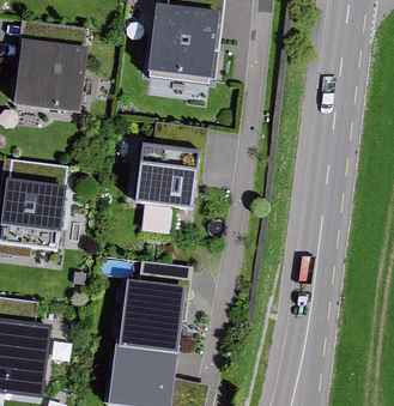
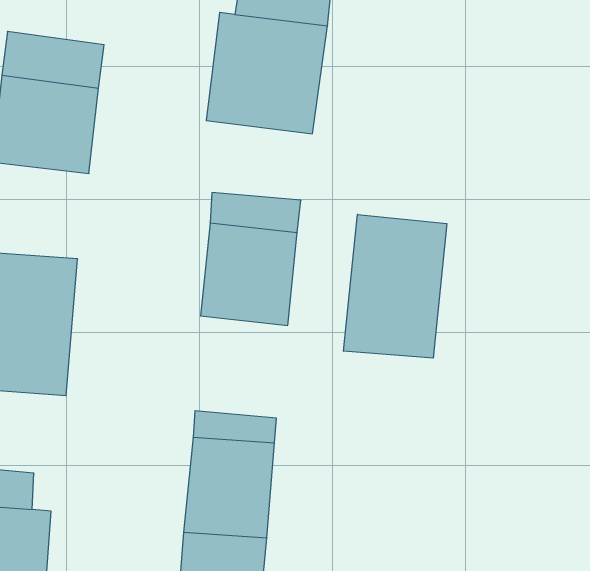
building: none -> [344,214,447,358]

